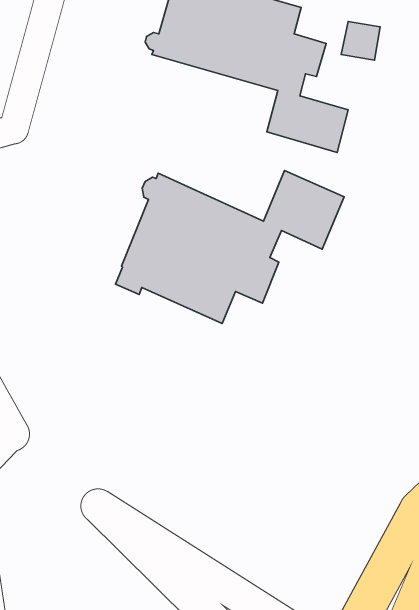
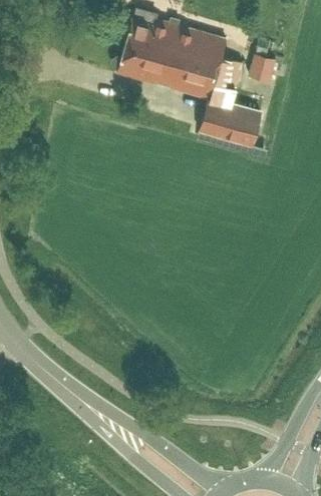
building: [116,171,344,324] -> none

